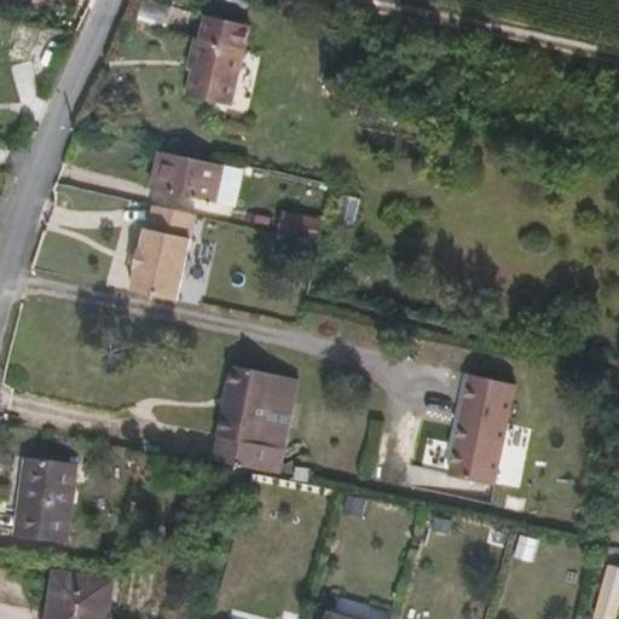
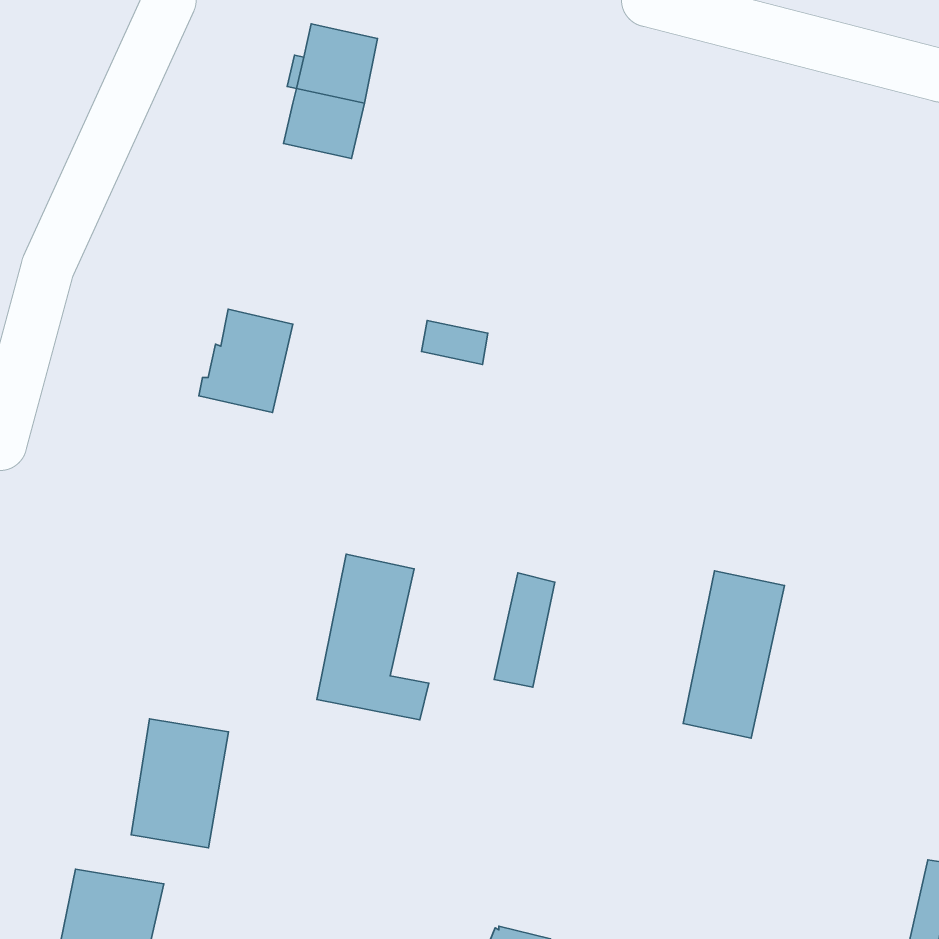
building: [151,150,220,202] -> none
building: [128,261,180,301] -> none
building: [258,375,297,450] -> [494,573,555,687]
building: [12,455,76,539] -> [131,719,229,848]

